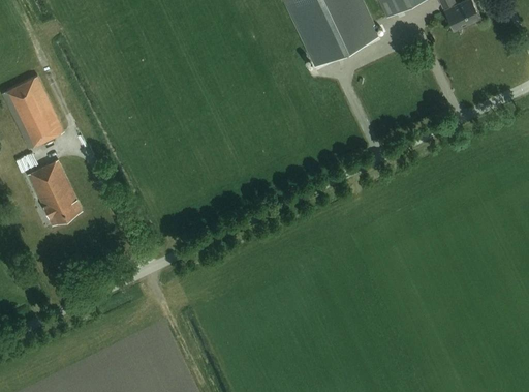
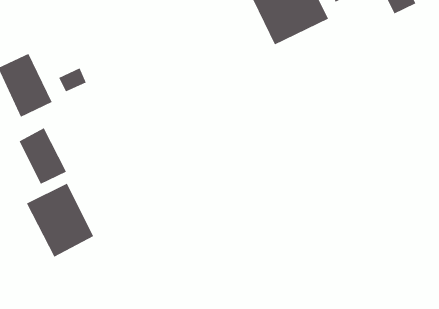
building: none -> [59,68,87,92]
building: none -> [26,183,94,258]

